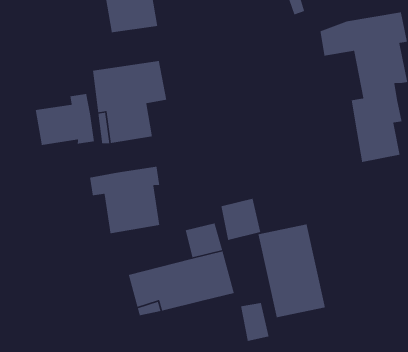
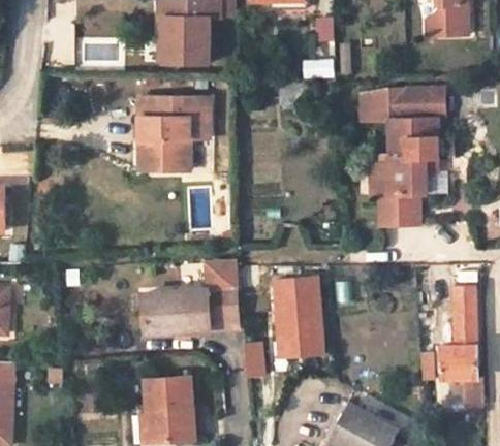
building: [35,93,95,146] -> none
building: [89,166,160,234] -> none
building: [221,198,261,241] -> none

